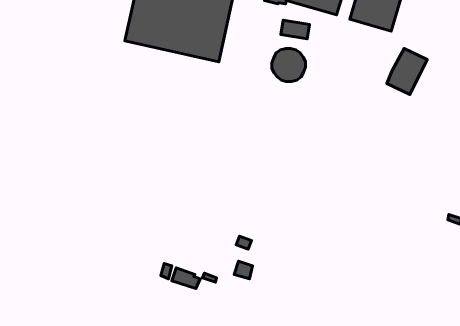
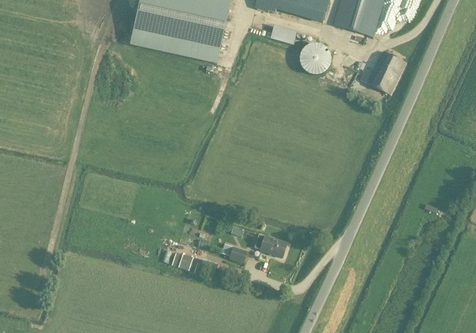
building: [272,49,306,81] -> [301,43,332,73]
building: none -> [254,233,287,256]

